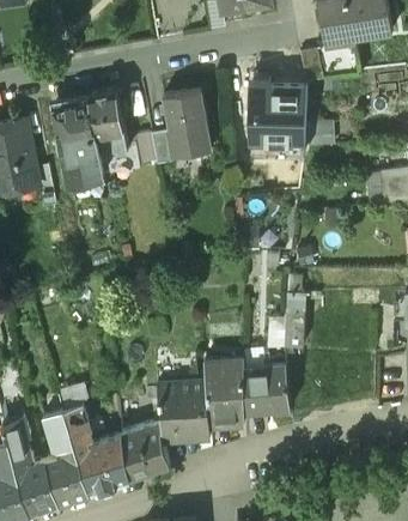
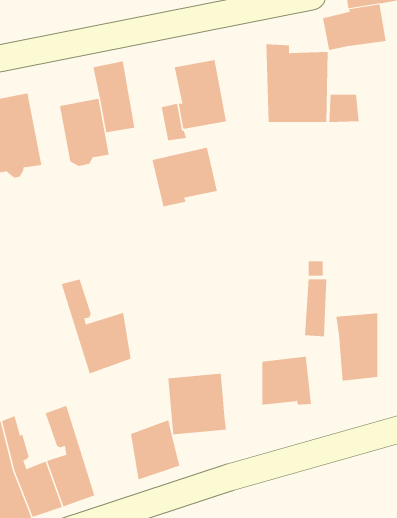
building: [50,96,93,132] -> none
building: none -> [152,147,218,208]
building: [205,359,244,423] -> [335,313,378,381]
building: [63,405,129,493] -> [61,279,132,374]

